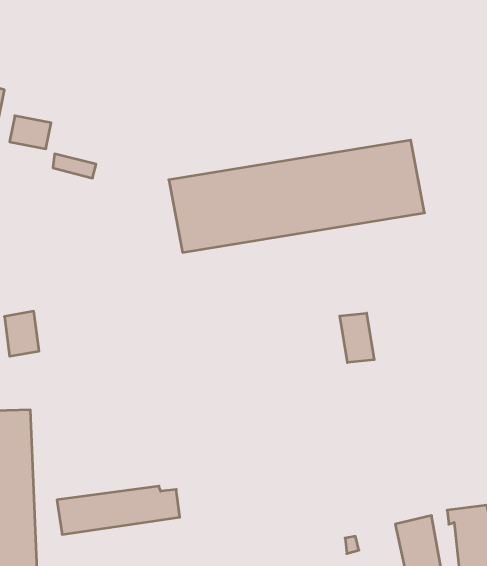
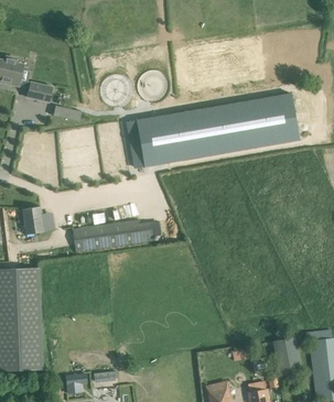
building: [340,313,374,363] -> none
building: [57,486,180,534] -> [73,219,151,250]

